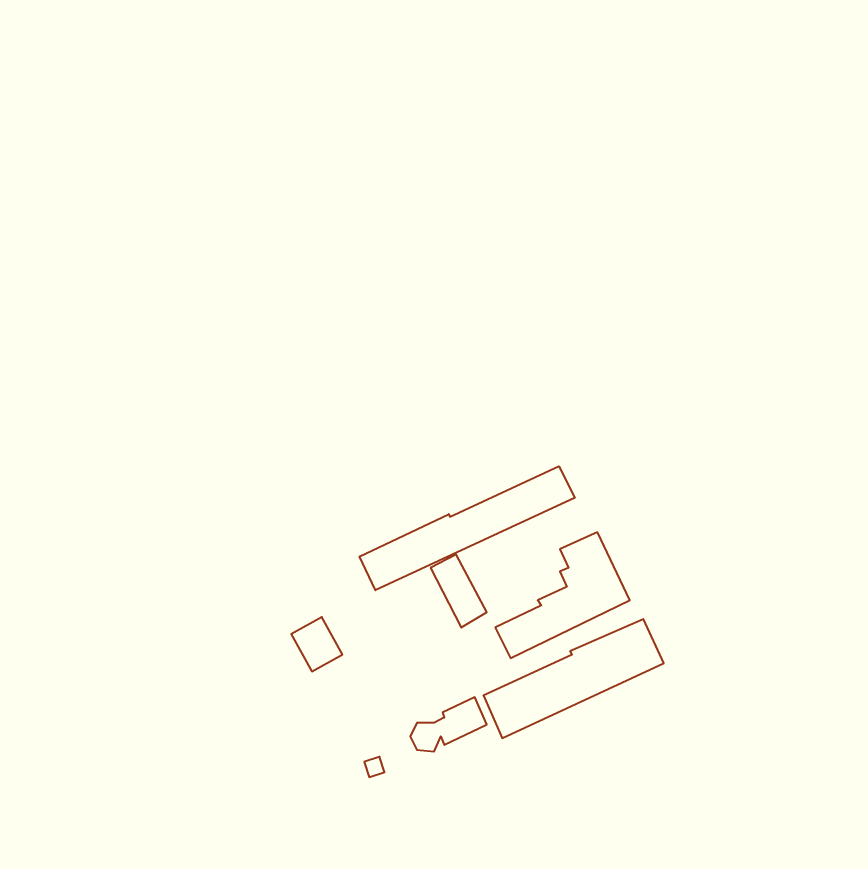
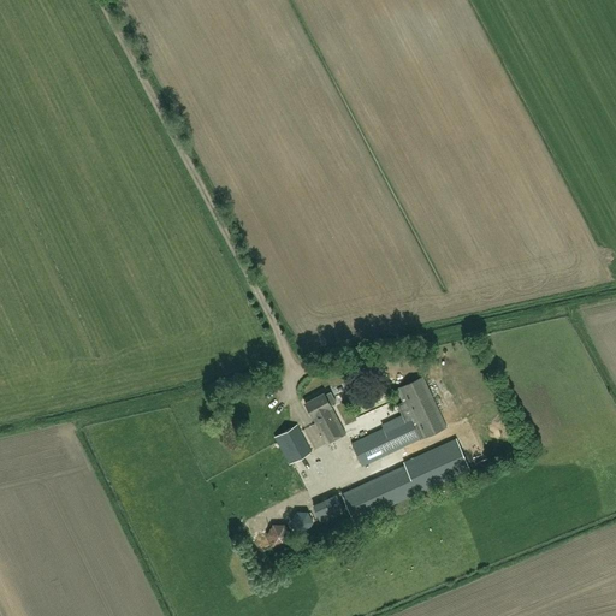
building: [360,466,575,590] -> none
building: [291,617,342,671] -> [274,425,310,463]

